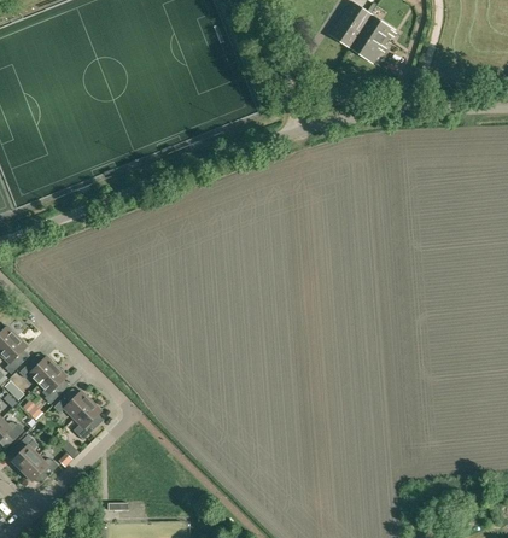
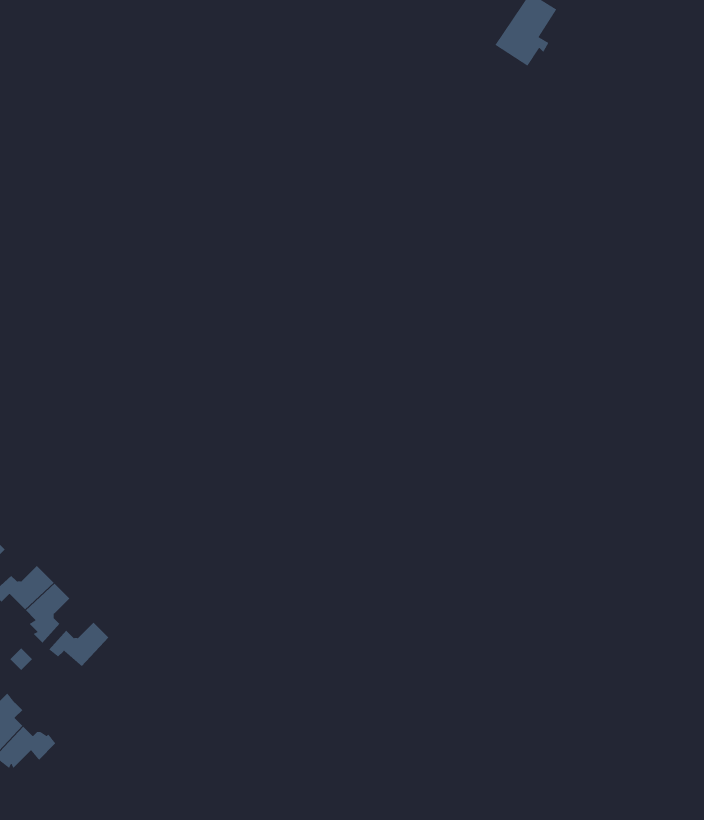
building: [350,13,395,64] -> none
building: [74,400,103,440] -> none

